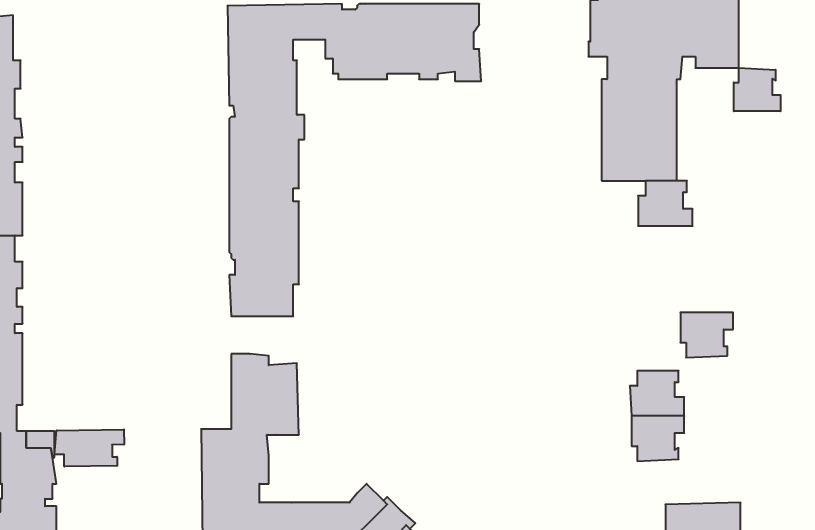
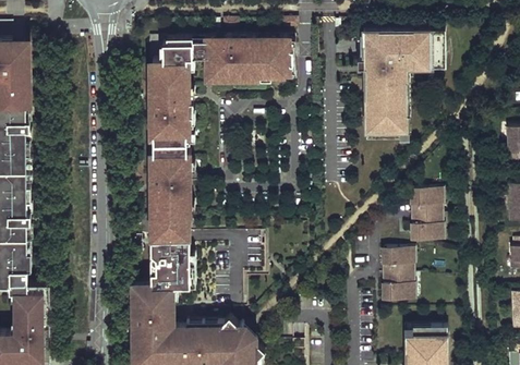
building: [734,68,781,111] -> none
building: [638,181,693,226] -> [410,191,442,217]
building: none -> [150,219,189,247]
building: [54,429,124,467] -> none

